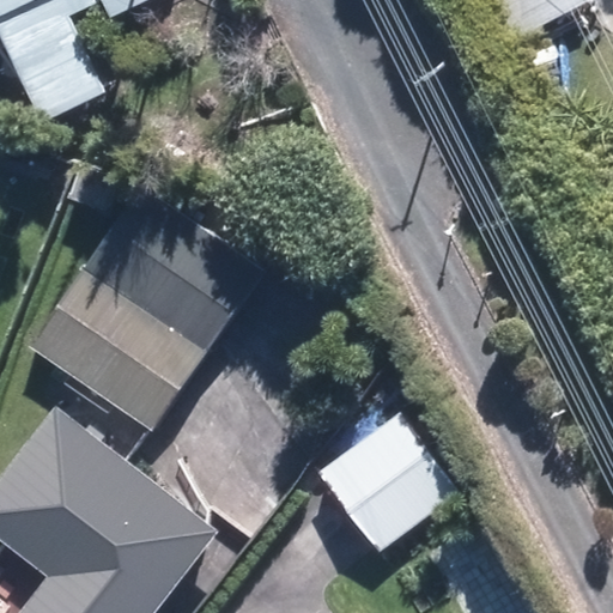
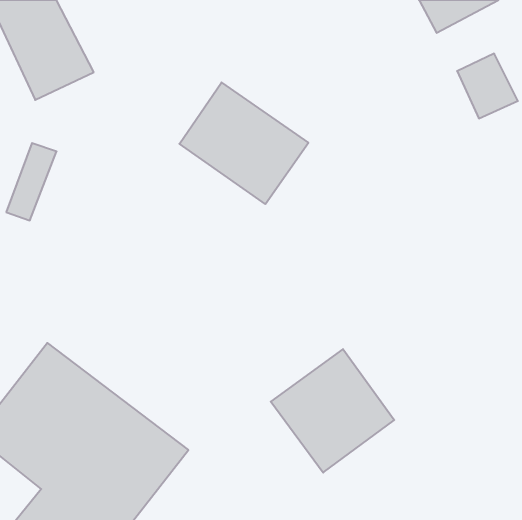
building: none -> [179,82,308,204]
building: [28,189,220,436] -> none

